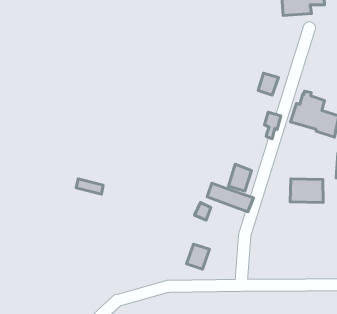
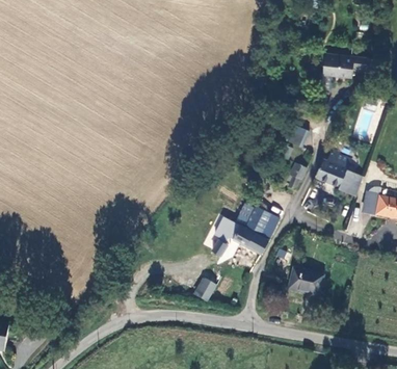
building: [290,179,323,202] -> [288,271,322,298]

